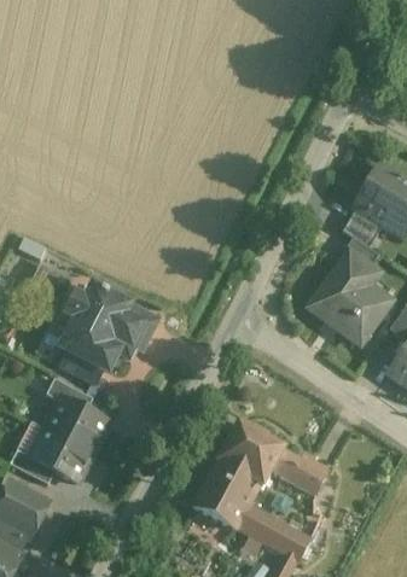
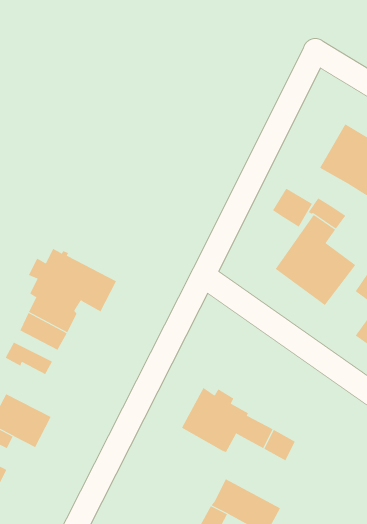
building: [341,206,380,245] -> [272,188,313,227]
building: [46,397,106,450] -> none
building: [193,461,261,532] -> none

